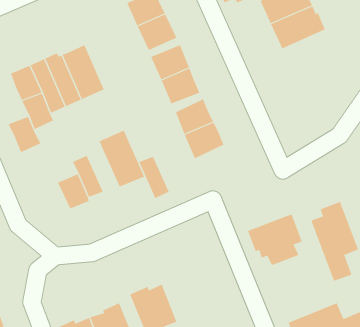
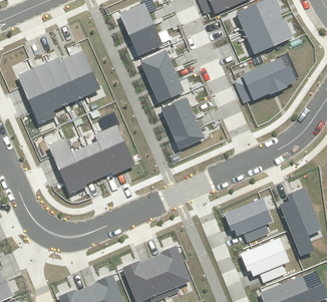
building: none -> [234,57,297,102]
building: [8,116,41,153] -> [48,137,77,170]
building: [139,156,170,199] -> [85,140,112,178]
building: none -> [241,237,290,282]
building: none -> [150,245,191,291]

